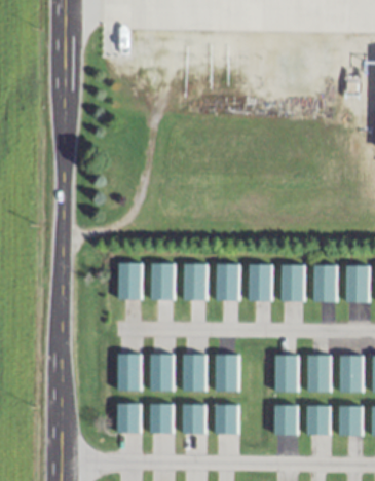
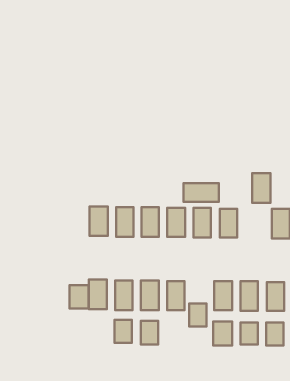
building: none -> [183,183,219,202]
building: [313,264,336,301] -> [252,173,270,203]
building: [118,403,142,432] -> [70,285,89,308]
building: [216,404,237,433] -> [189,303,207,326]

